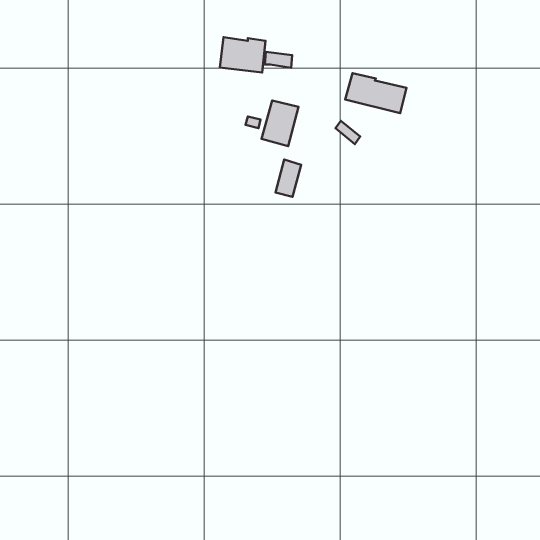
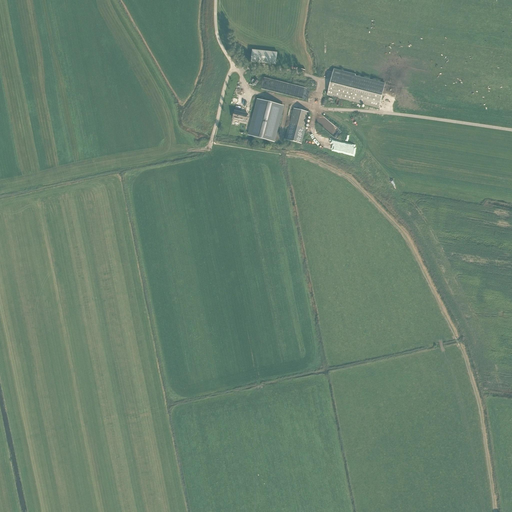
building: [220,37,265,73] -> none
building: [276,160,301,197] -> [284,107,308,142]

